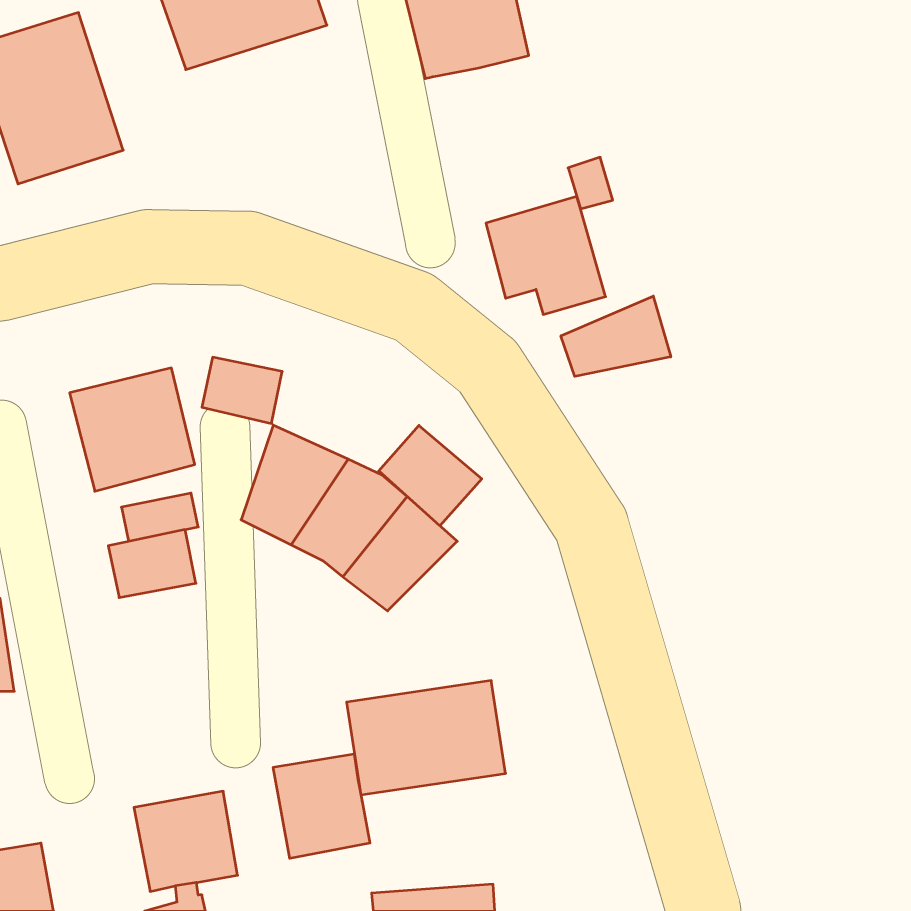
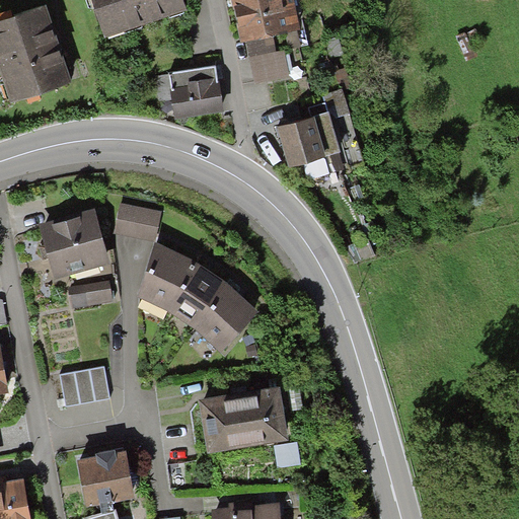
building: none -> [245,39,289,85]
building: none -> [155,66,224,121]
building: [561,296,671,376] -> none
building: [379,425,482,526] -> none
building: [108,530,196,598] -> [59,366,108,404]
building: [273,754,370,858] -> none

